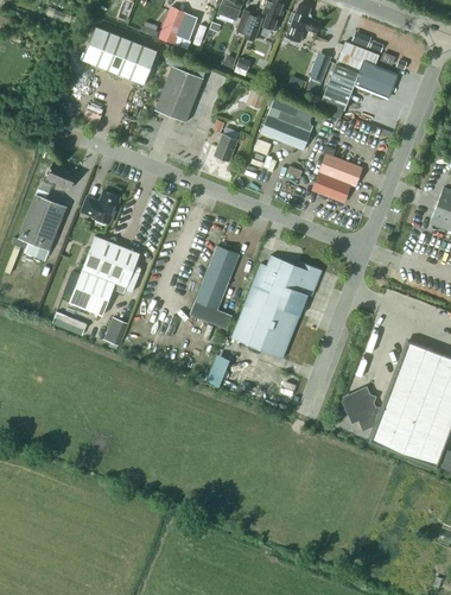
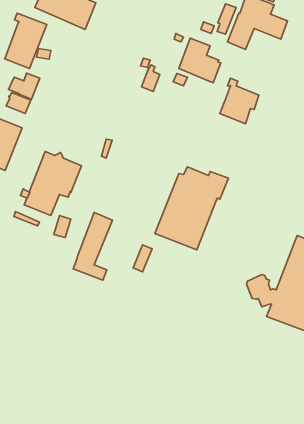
building: [155,55,208,124] -> [5,13,47,68]
building: [81,192,120,224] -> [8,73,40,99]
building: [191,246,240,330] -> [73,212,112,280]

